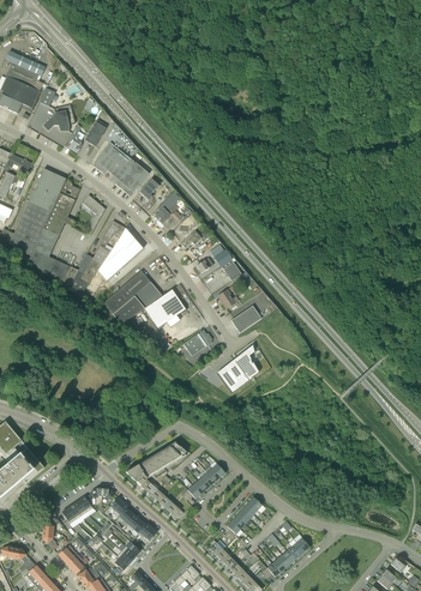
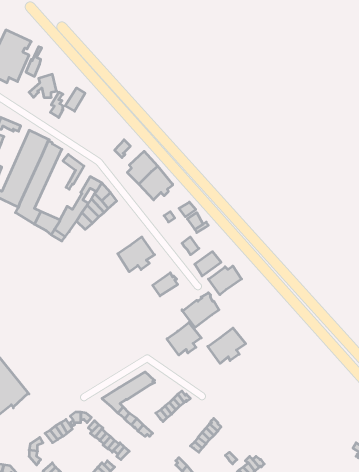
building: [91,141,148,195] -> none
building: [102,270,157,324] -> none
building: none -> [208,266,242,295]
building: none -> [167,322,201,355]
building: none -> [208,328,246,363]

